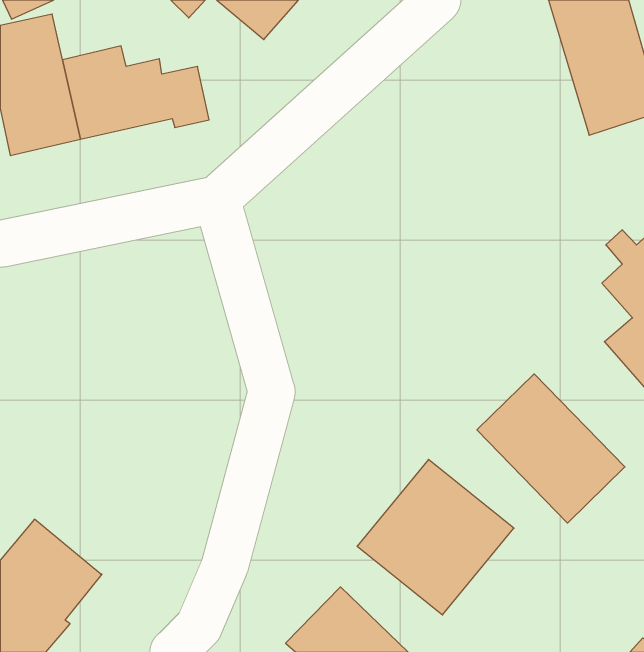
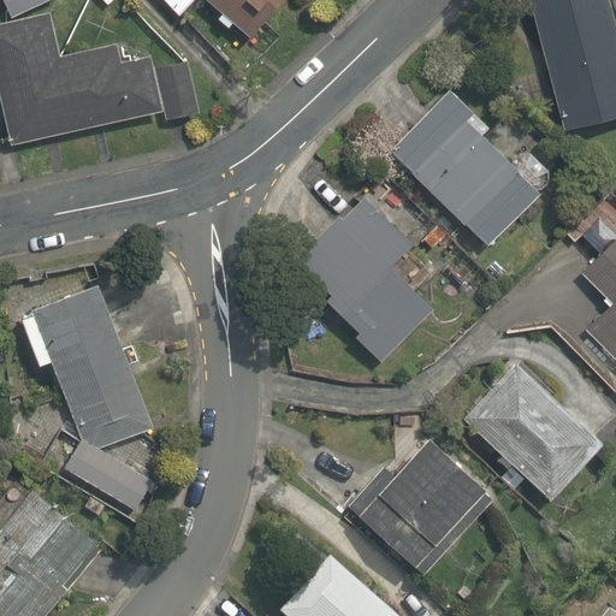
building: none -> [380,78,541,249]
building: none -> [283,182,431,362]
building: none -> [29,285,159,510]

